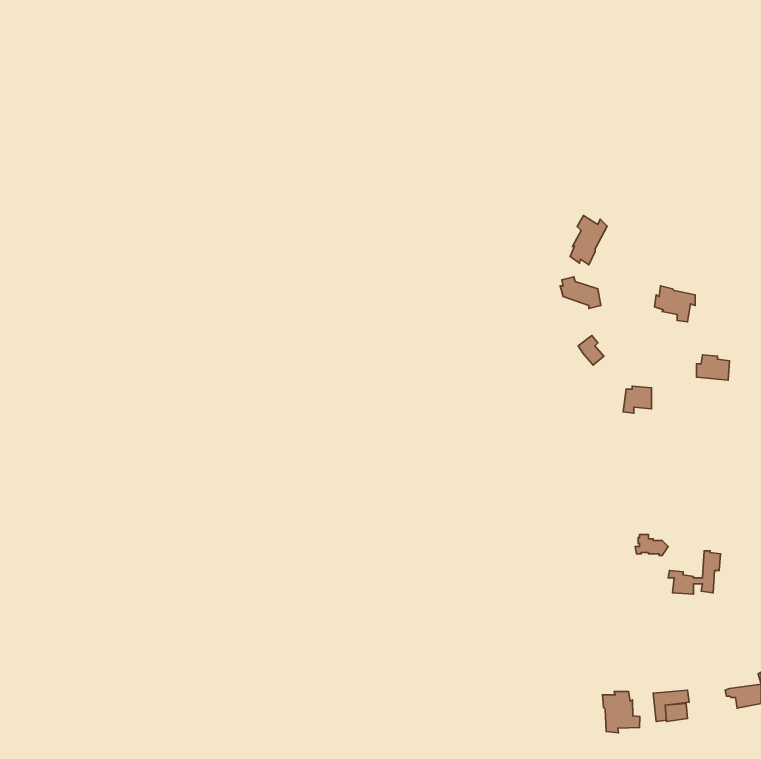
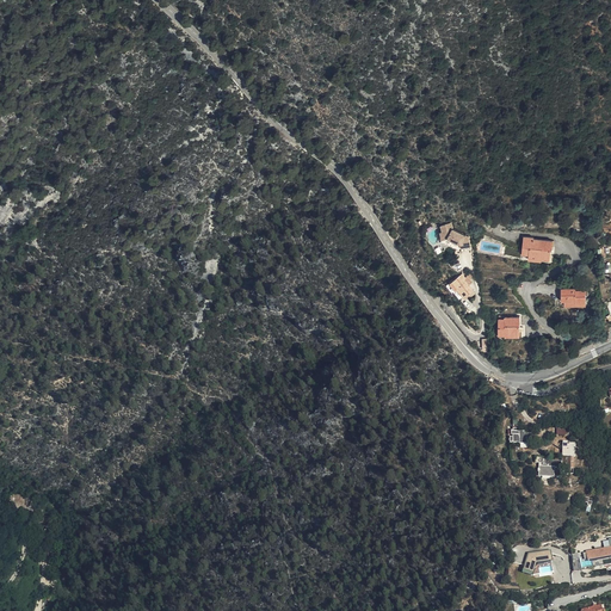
building: [570,215,607,265] -> none
building: [602,691,640,733] -> none

